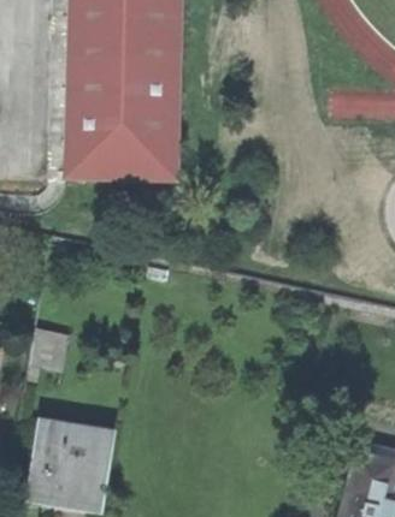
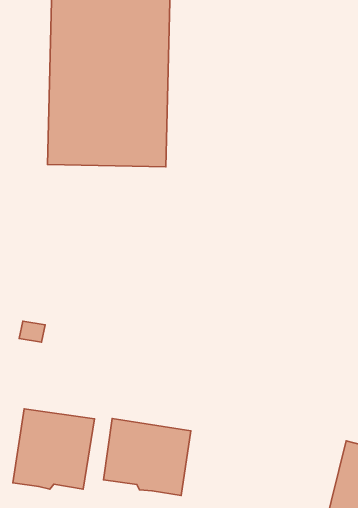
building: none -> [103,419,191,495]

